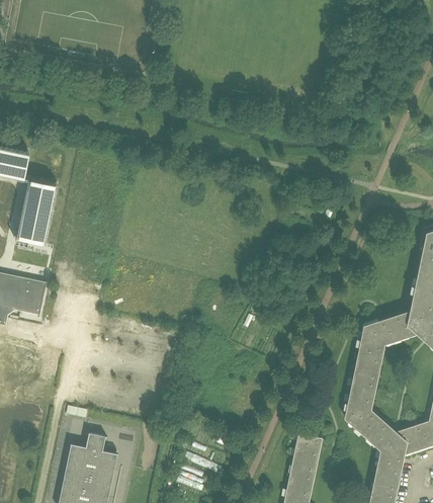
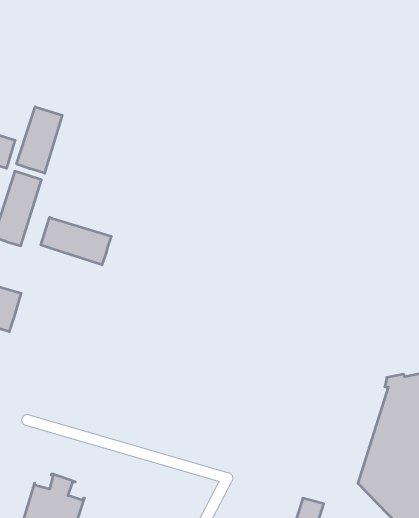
building: none -> [17,107,62,173]
building: none -> [41,217,111,265]

